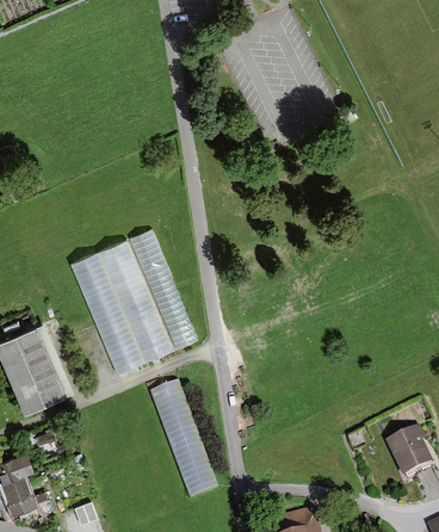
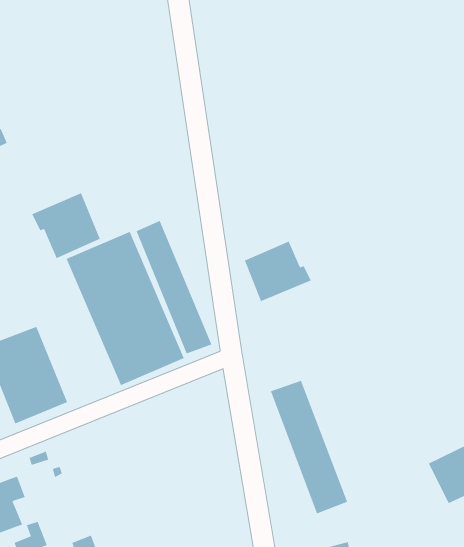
building: none -> [31,192,101,259]
building: none -> [244,240,312,302]
building: [149,381,217,497] -> [270,380,348,514]

